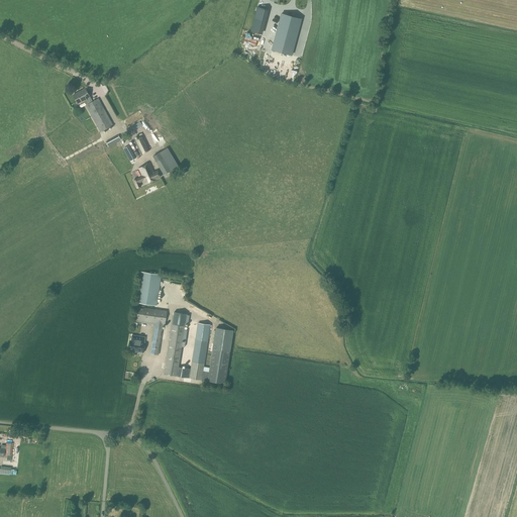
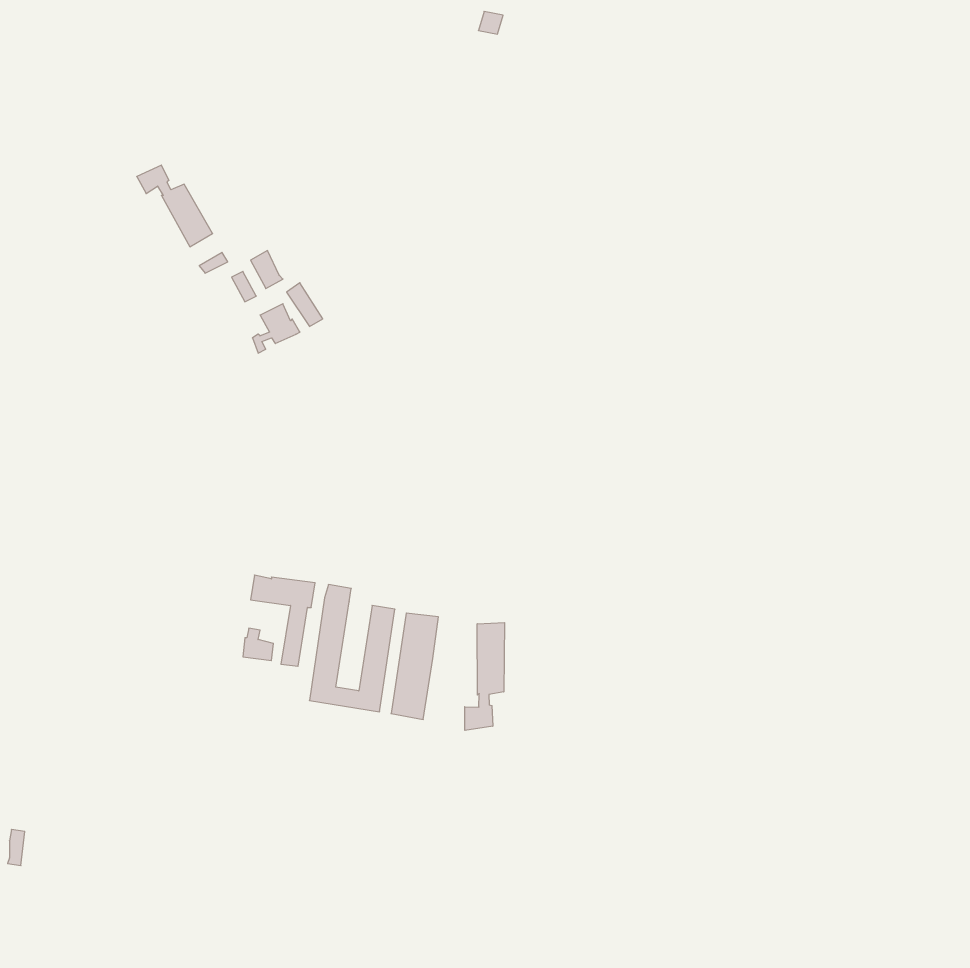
building: [272,12,302,55] -> none
building: [136,271,162,305] -> none
building: none -> [465,623,504,730]

